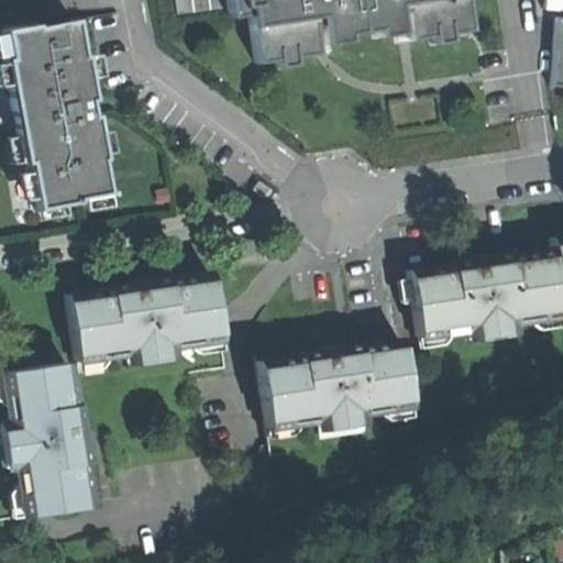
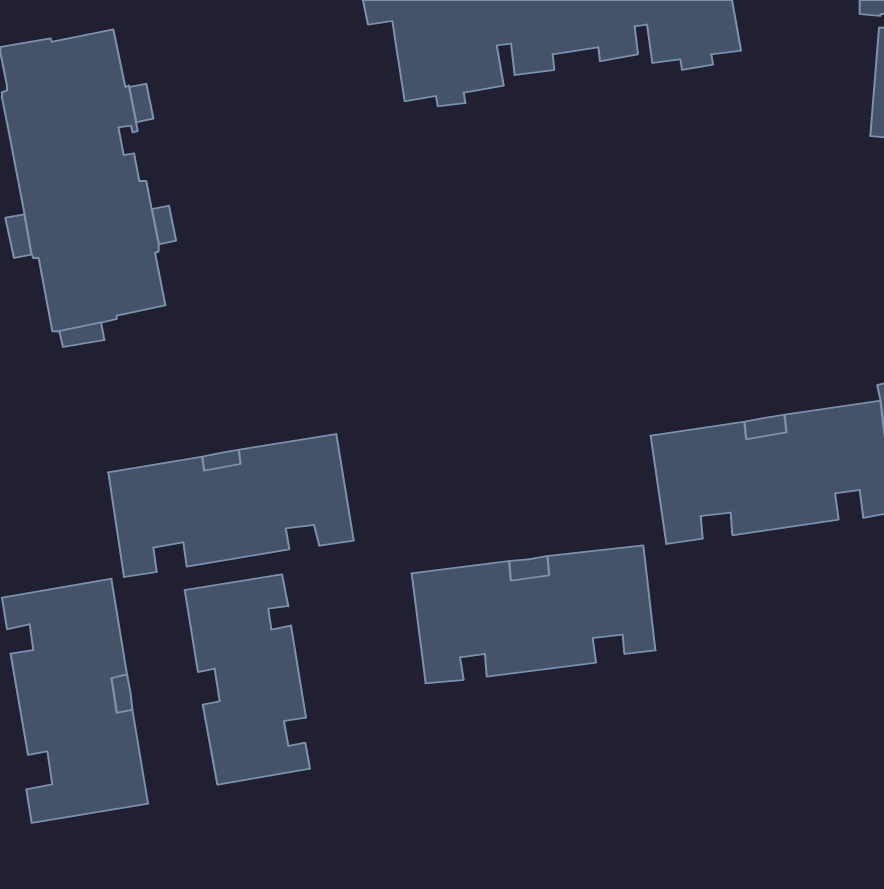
building: none -> [185,574,310,785]

